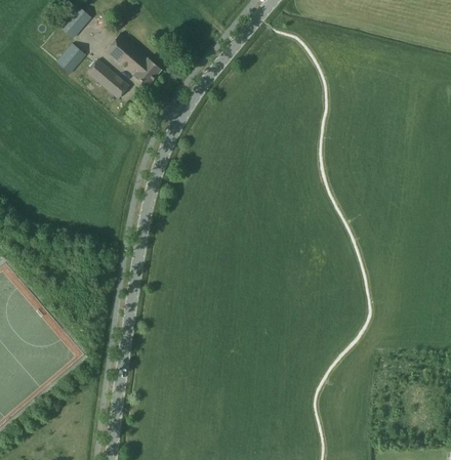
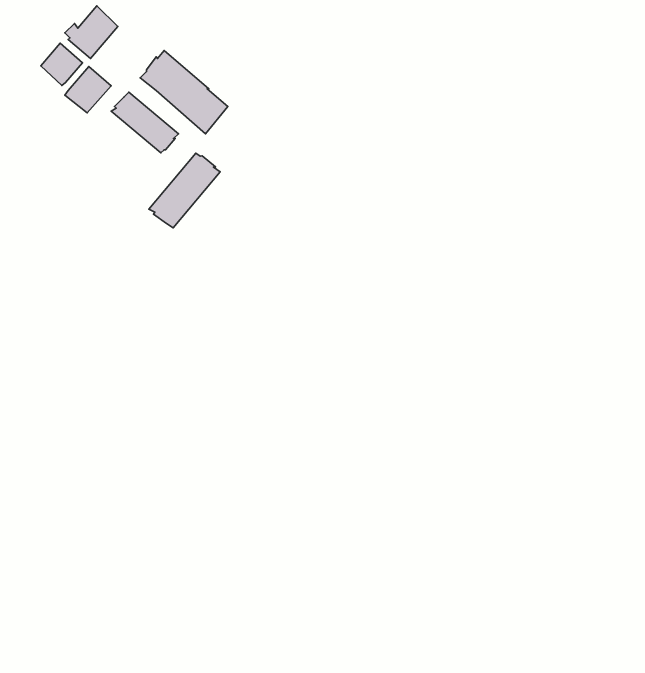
building: none -> [41,43,83,86]
building: none -> [149,153,220,228]

